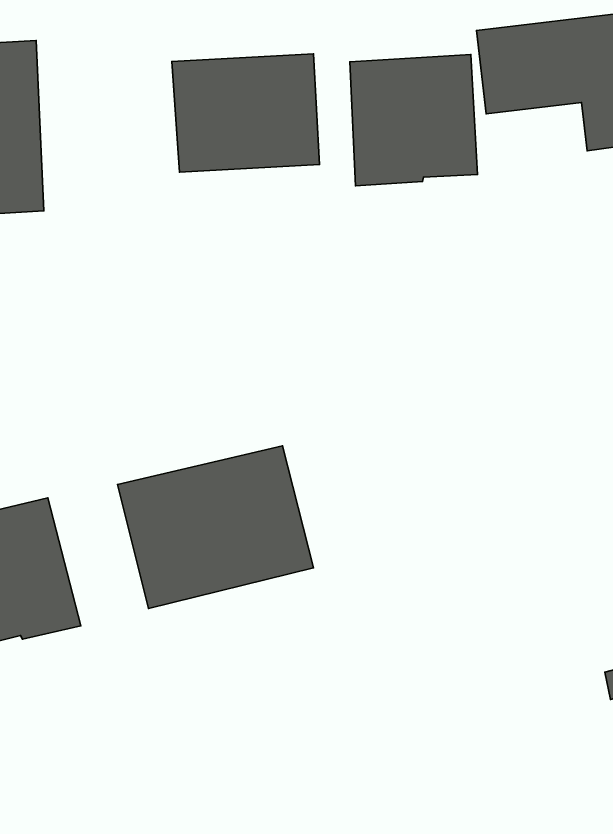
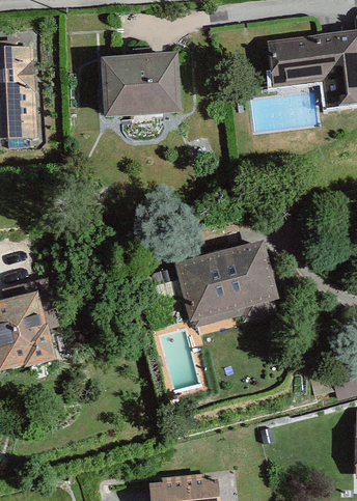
building: [350,54,477,186] -> none
building: [117,446,313,609] -> [177,243,282,330]

